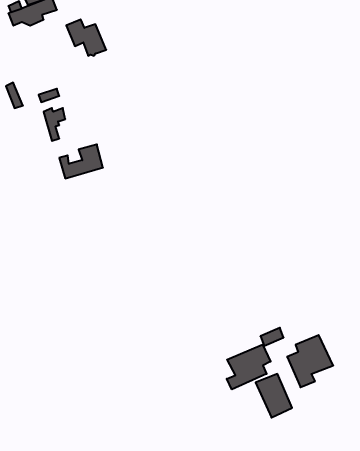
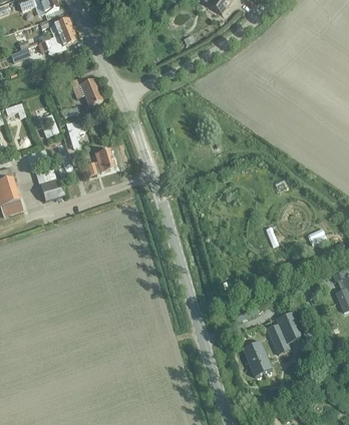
building: [66,19,106,56] -> [68,75,101,105]
building: none -> [35,169,63,203]
building: [227,345,271,389] -> none

